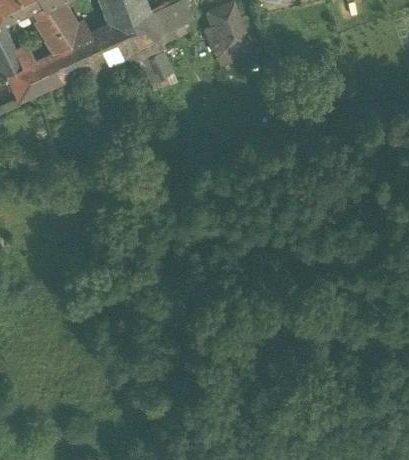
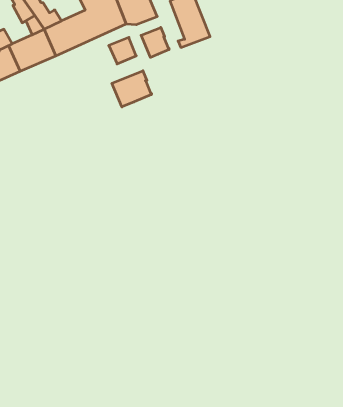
building: none -> [141,27,169,57]
building: none -> [112,71,151,107]

